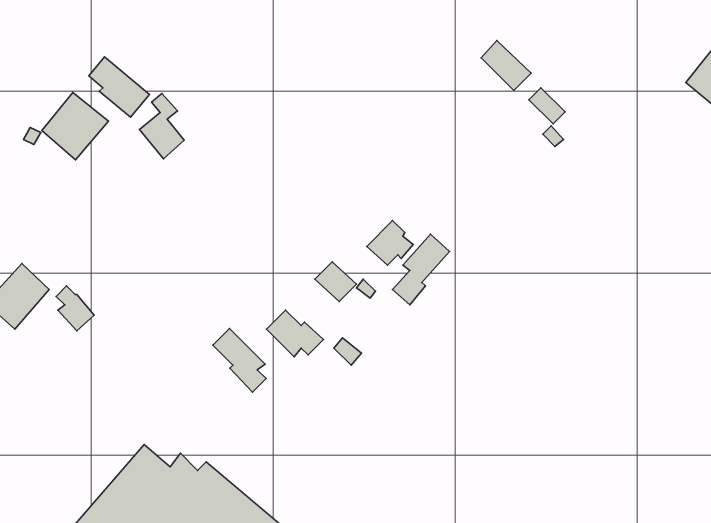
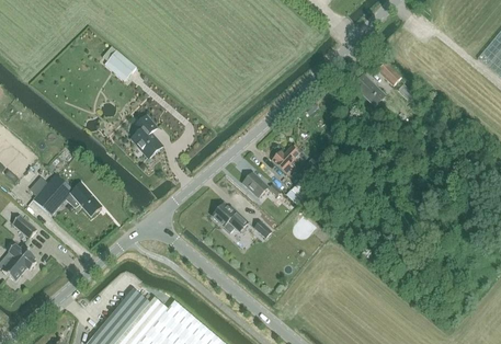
building: [481,40,531,90] -> [353,73,385,105]
building: [42,92,108,160] -> none
building: [139,93,184,159] -> [132,115,160,157]
building: [213,328,266,392] -> none

